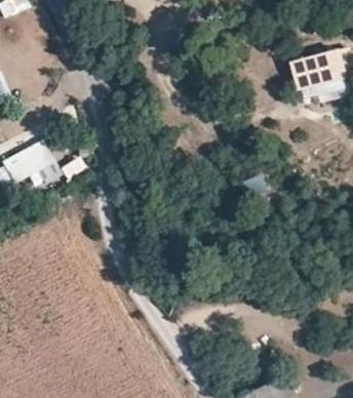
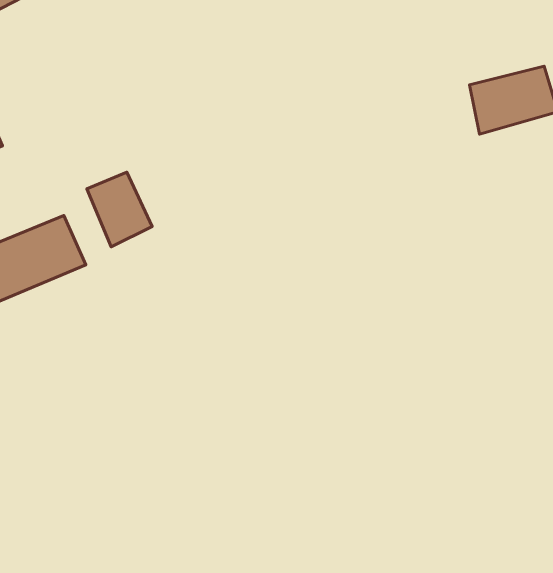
building: none -> [87,172,152,247]

